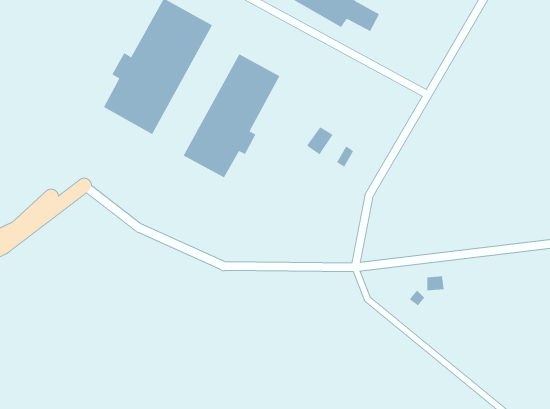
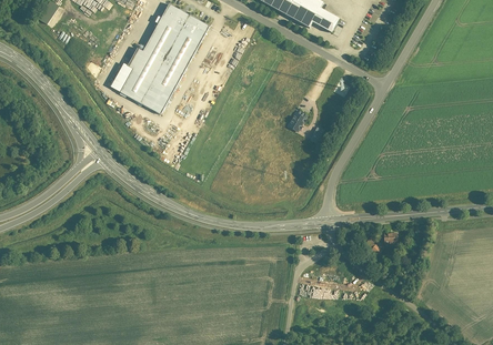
building: [183,53,280,178] -> none

